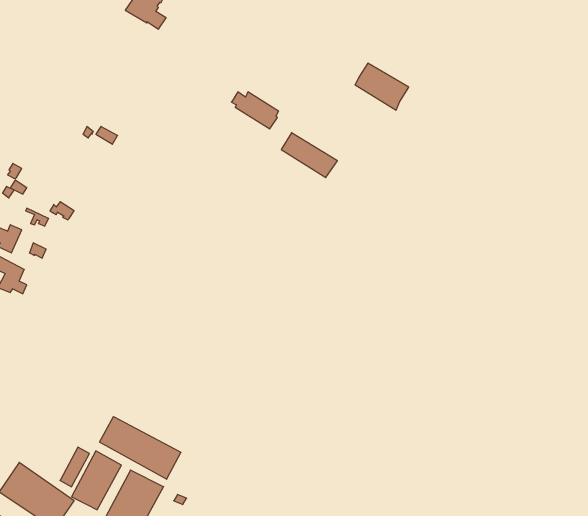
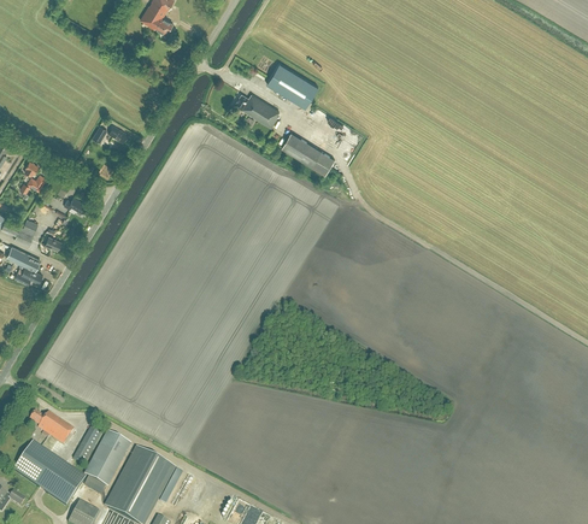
building: [355,63,409,110] -> [267,63,318,107]
building: [100,417,181,479] -> none
building: none -> [29,410,74,444]

